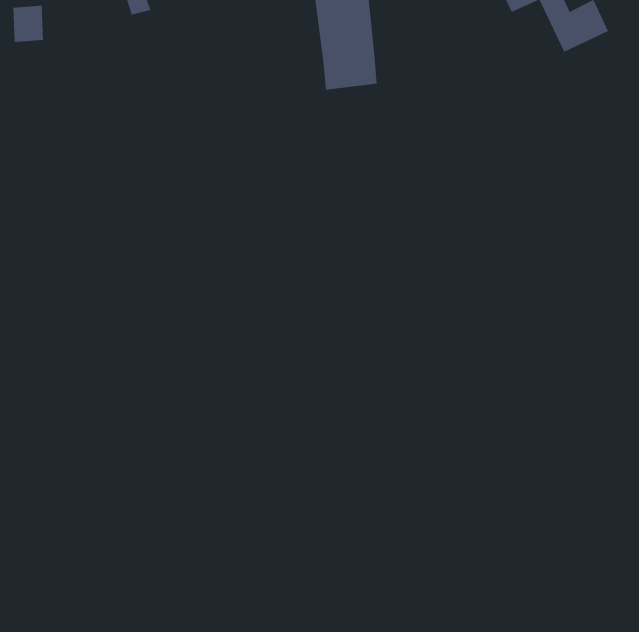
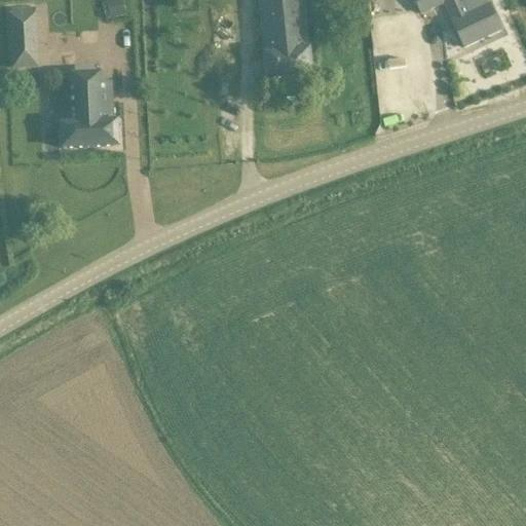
building: none -> [62,76,118,144]

